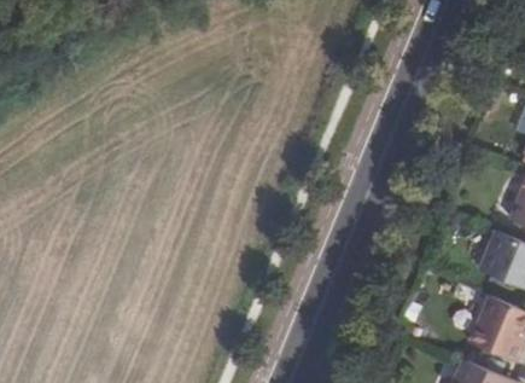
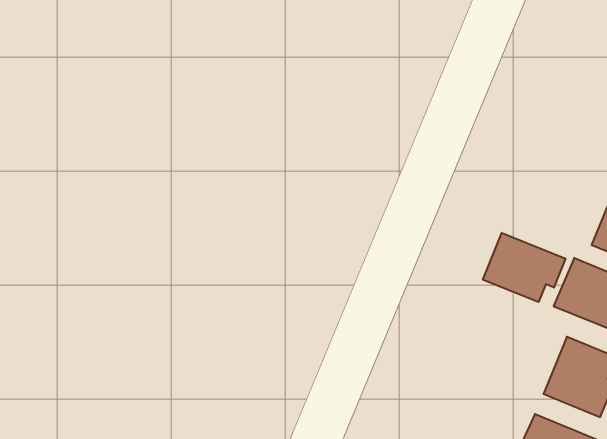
building: none -> [483,233,565,302]

